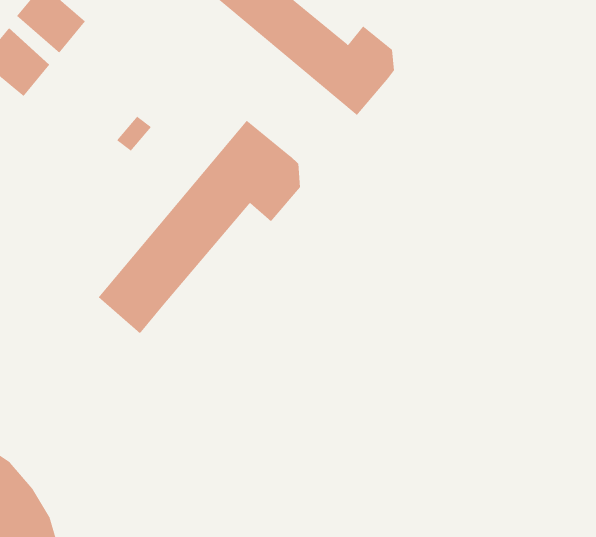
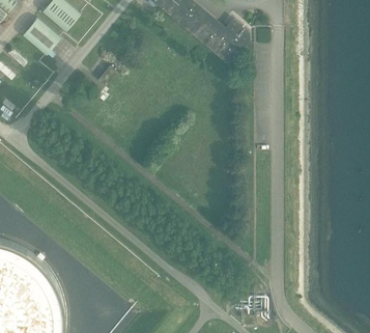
building: [98,120,301,334] -> none

